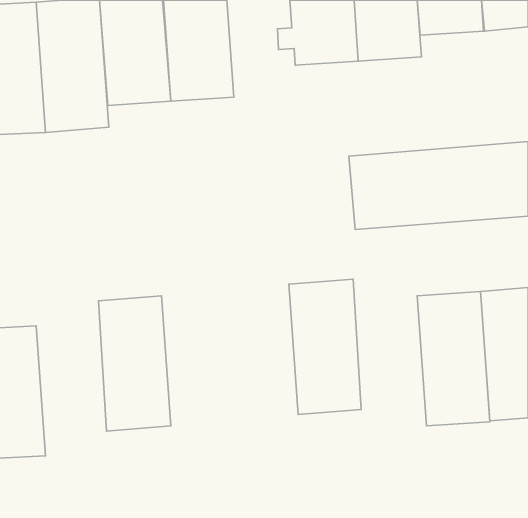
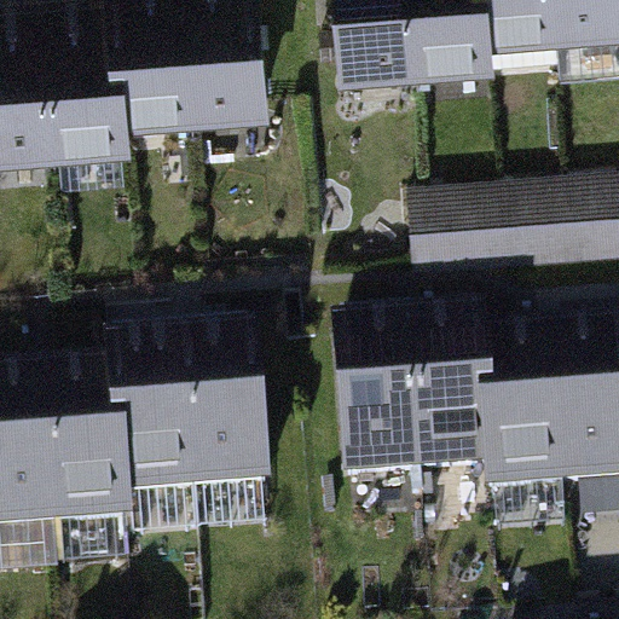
building: none -> [412,334,497,491]
building: none -> [189,353,273,510]
building: none -> [42,388,127,545]

